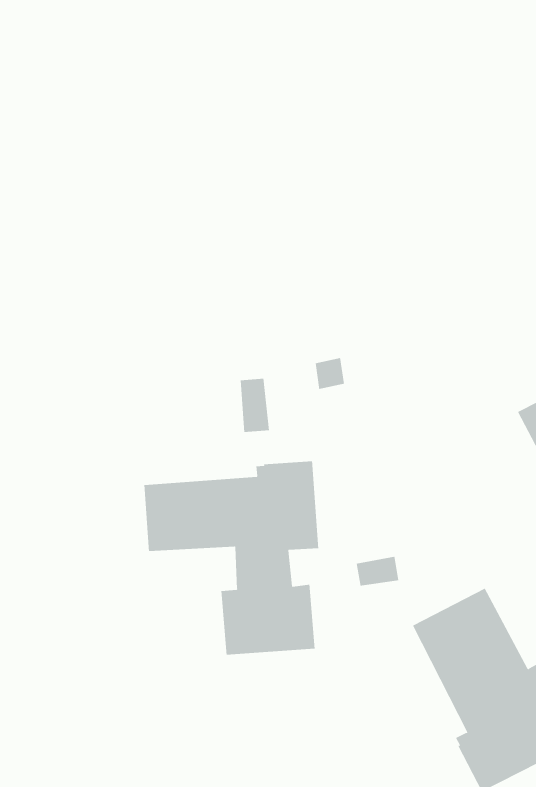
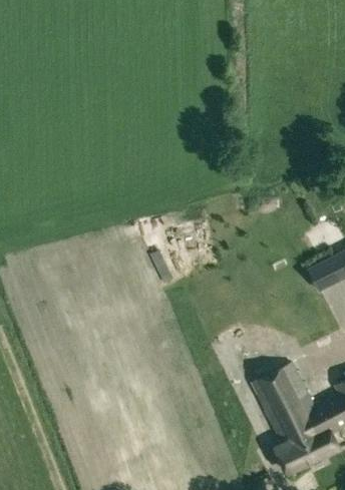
building: [144,461,319,656] -> none

